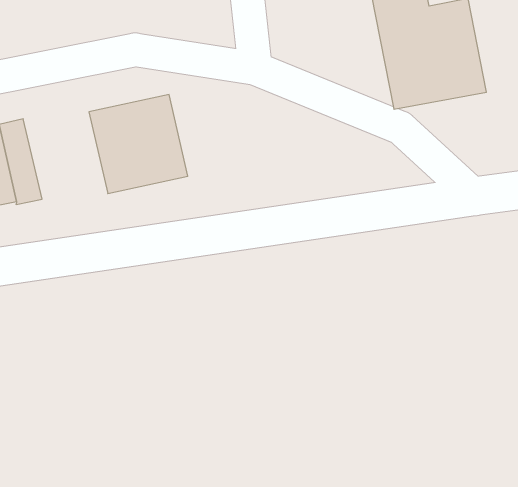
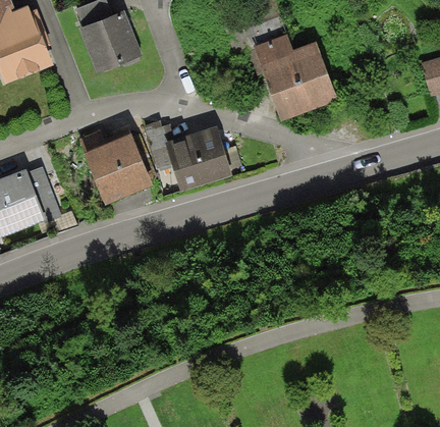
building: none -> [164,126,231,191]

